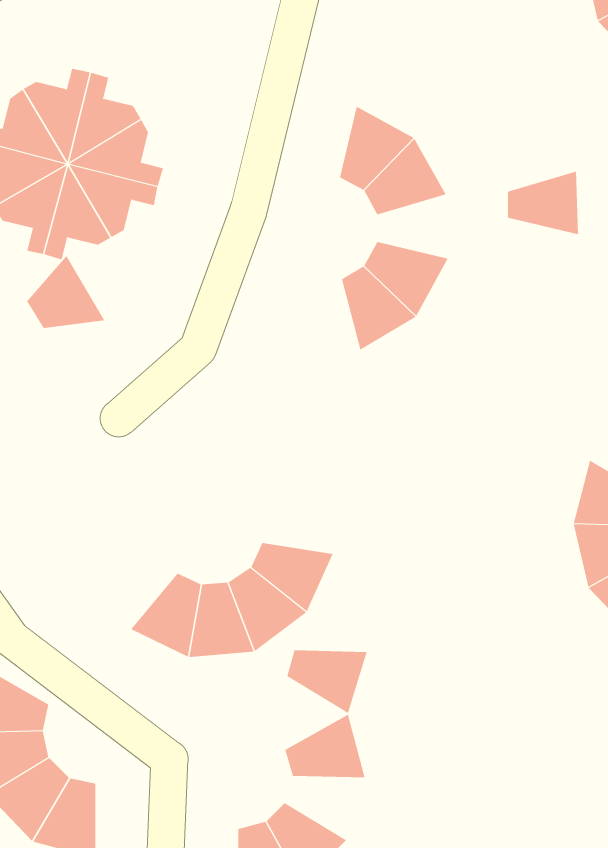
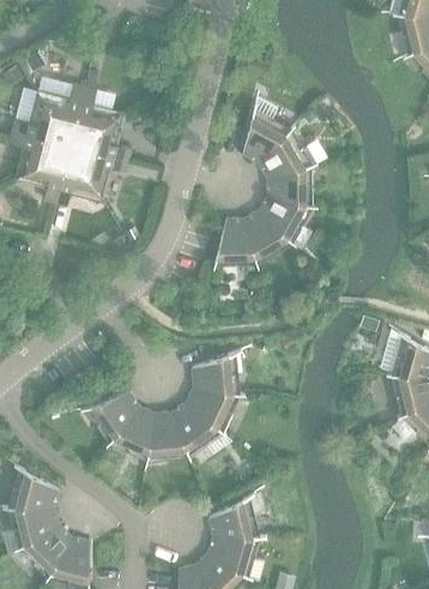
building: [507,171,579,235] -> [265,163,310,204]
building: [27,255,105,329] -> none
building: none -> [212,217,254,263]
building: none -> [189,350,237,392]
building: none -> [83,390,138,440]
building: [286,650,367,714] -> [206,534,258,575]

